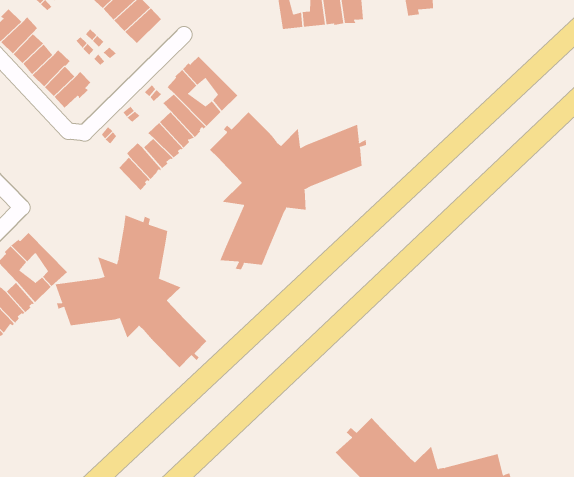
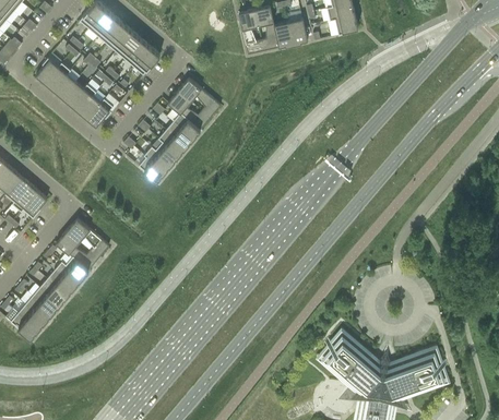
building: [209,111,367,270] -> none
building: [55,214,207,368] -> none

